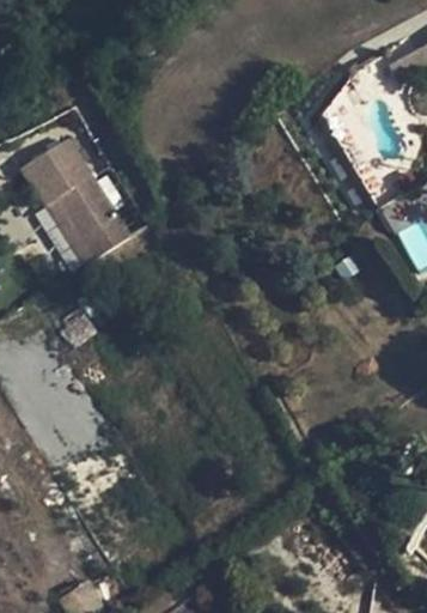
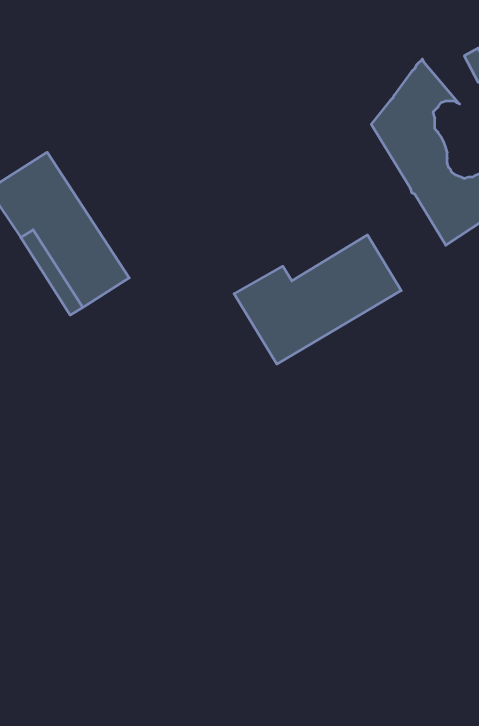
building: none -> [234,235,401,364]

